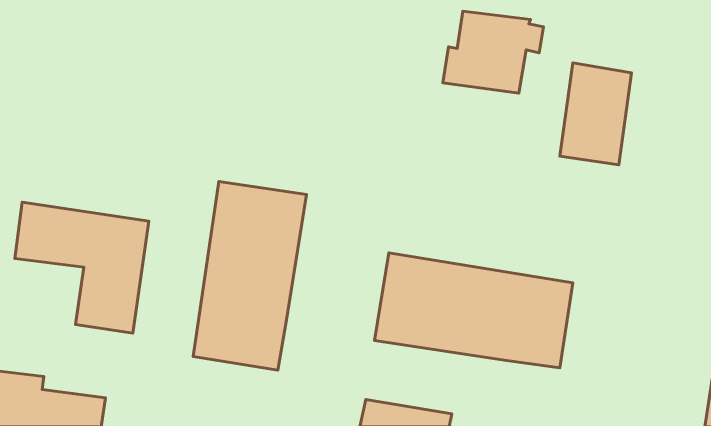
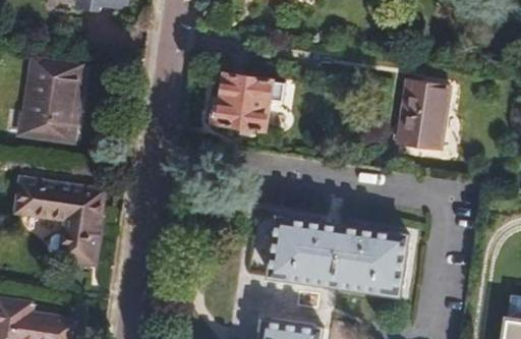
building: [443,11,543,93] -> [213,86,284,144]
building: none -> [17,56,81,140]
building: [193,182,307,370] -> none

